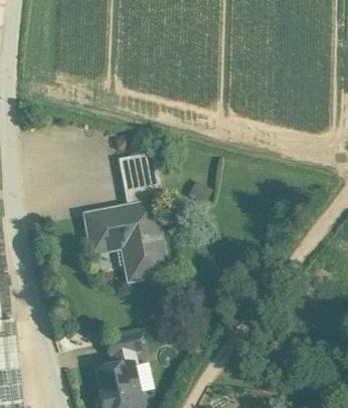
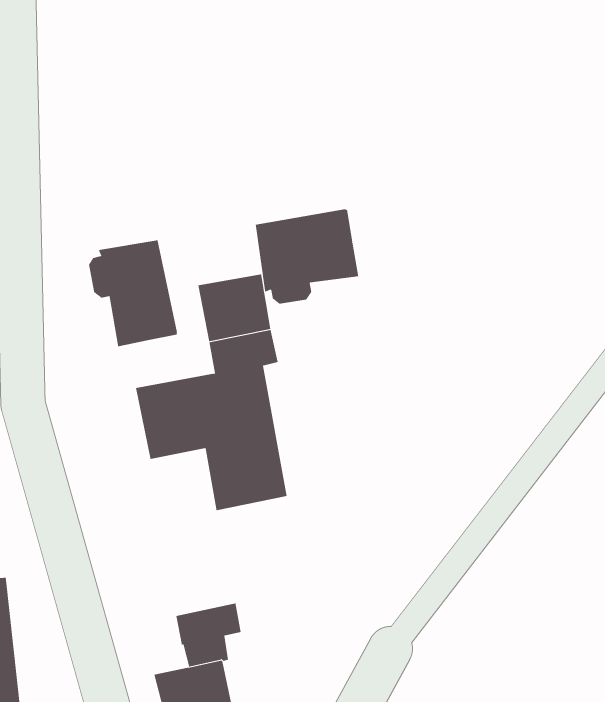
building: none -> [255,208,359,304]
building: none -> [88,240,177,347]

